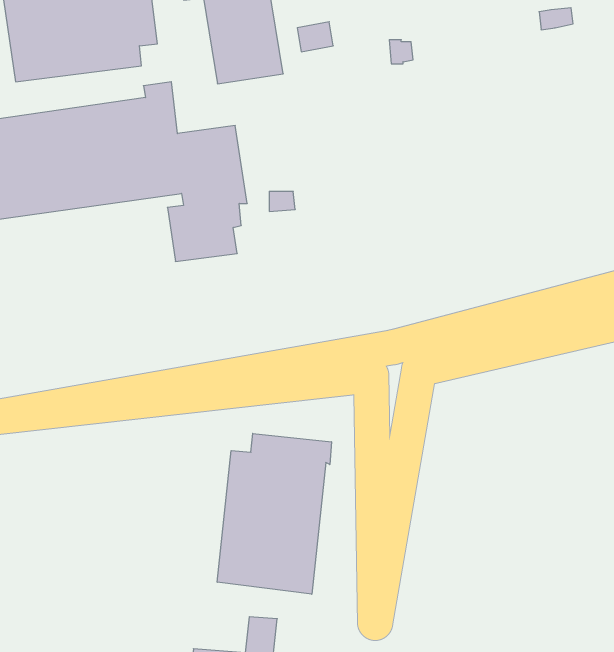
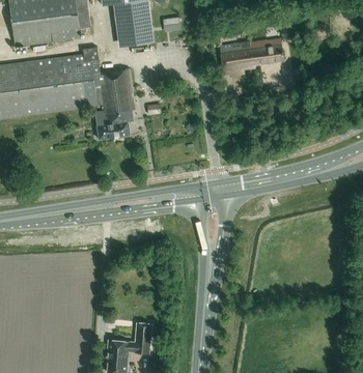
building: none -> [220,37,283,75]
building: [217,433,331,594] -> none

